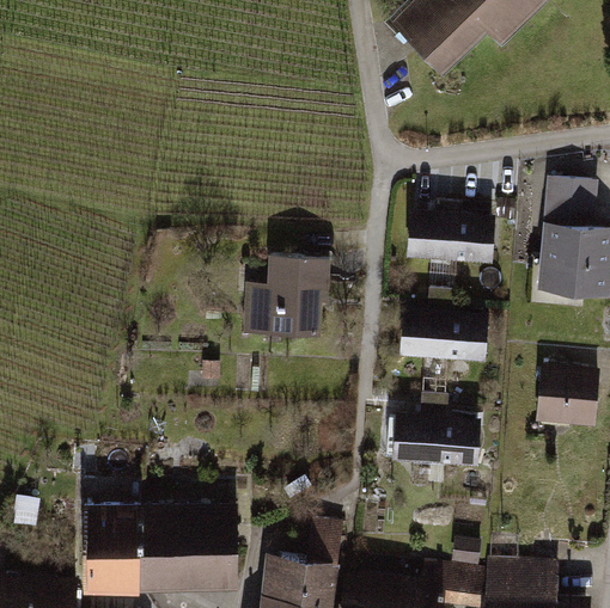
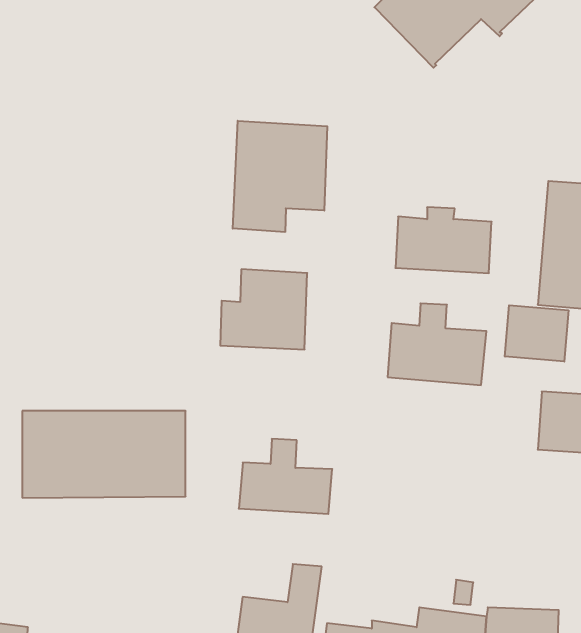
building: none -> [233,121,327,232]
building: none -> [505,305,568,362]
building: [394,395,478,463] -> [239,439,332,514]
building: [86,505,234,584] -> [22,411,186,498]

